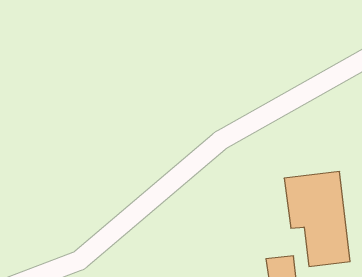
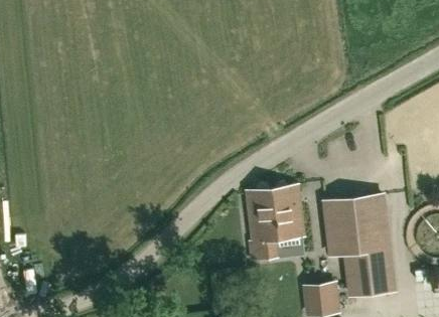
building: none -> [246,185,304,261]

